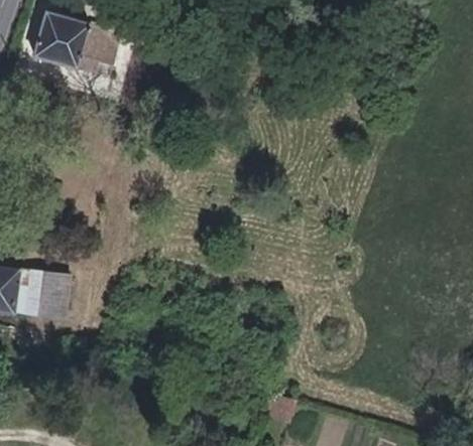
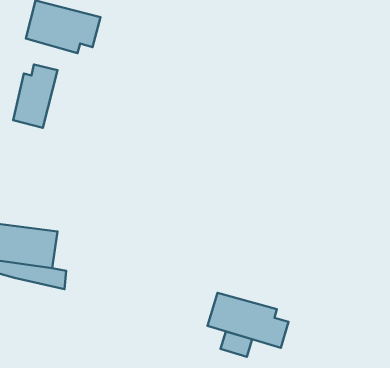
building: none -> [13,64,58,128]
building: none -> [208,293,289,348]

